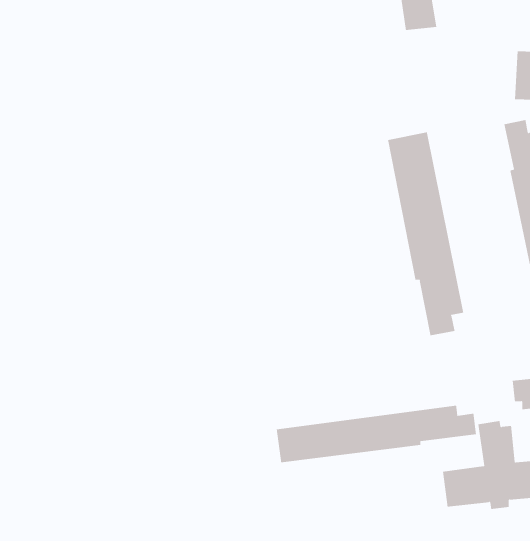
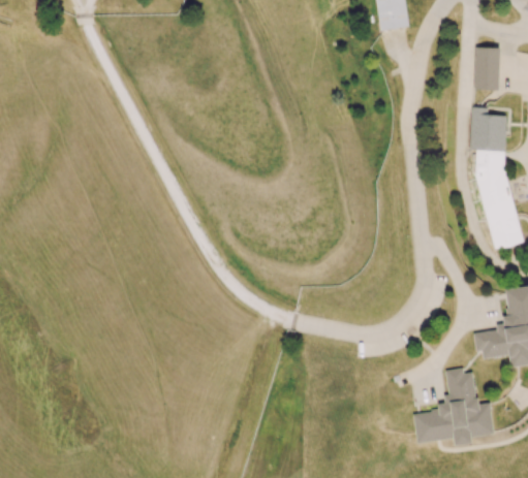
building: [387,131,464,336] -> none
building: [276,405,476,463] -> none

